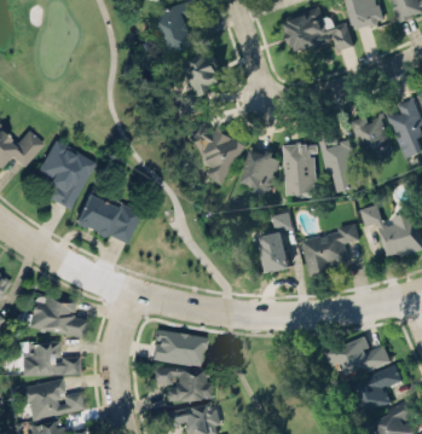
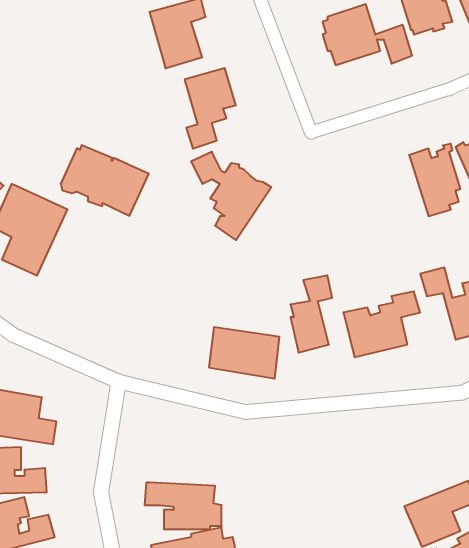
building: [322,140,360,192] -> none
building: [283,144,316,195] -> none
building: [242,150,276,190] -> none
building: [74,189,140,242] -> [61,145,149,216]
building: [151,330,204,369] -> [209,327,280,379]
building: [325,334,391,374] -> none

